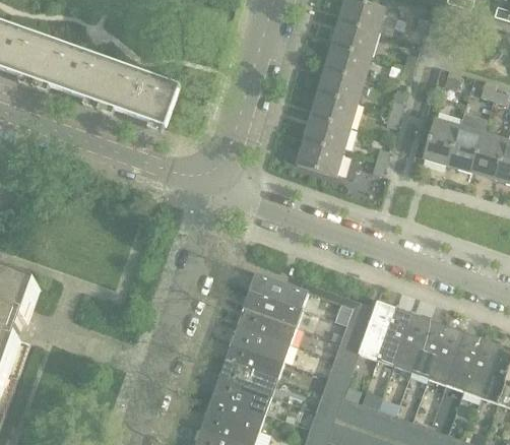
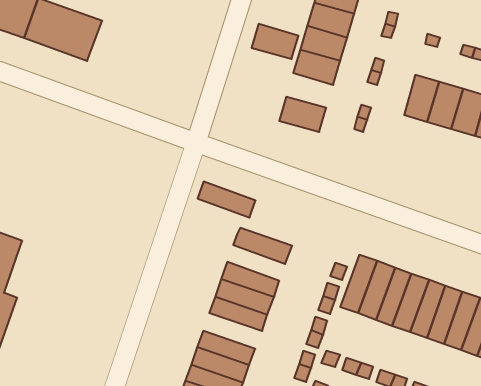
building: [101,62,179,125] -> none
building: [303,115,350,150] -> [252,24,299,59]
building: [243,290,302,326] -> [198,182,256,218]
building: [218,359,278,395] -> none

